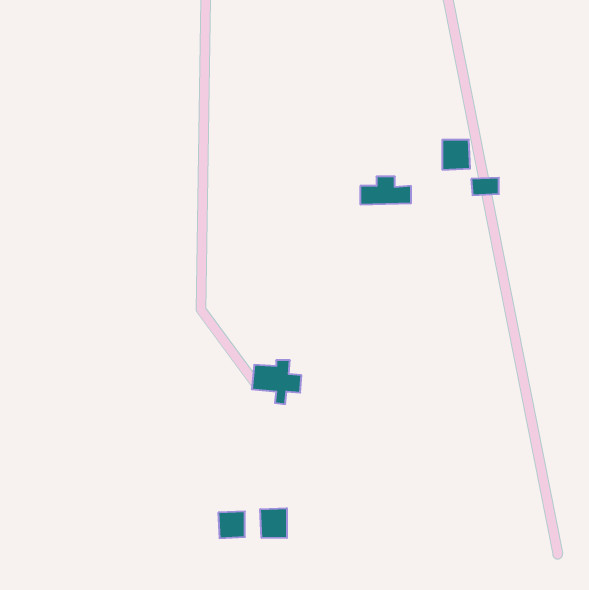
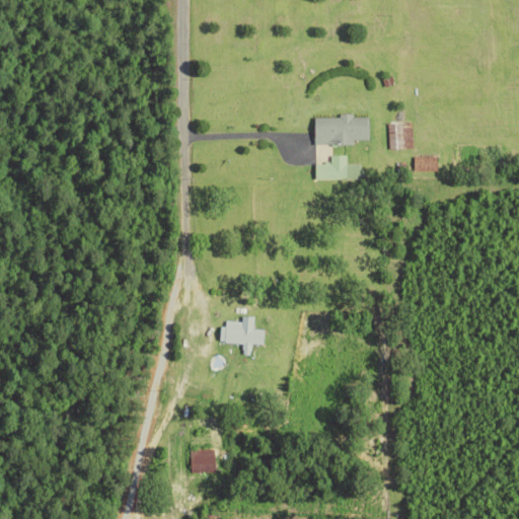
building: none -> [315,116,370,144]
building: [260,508,287,538] -> none

